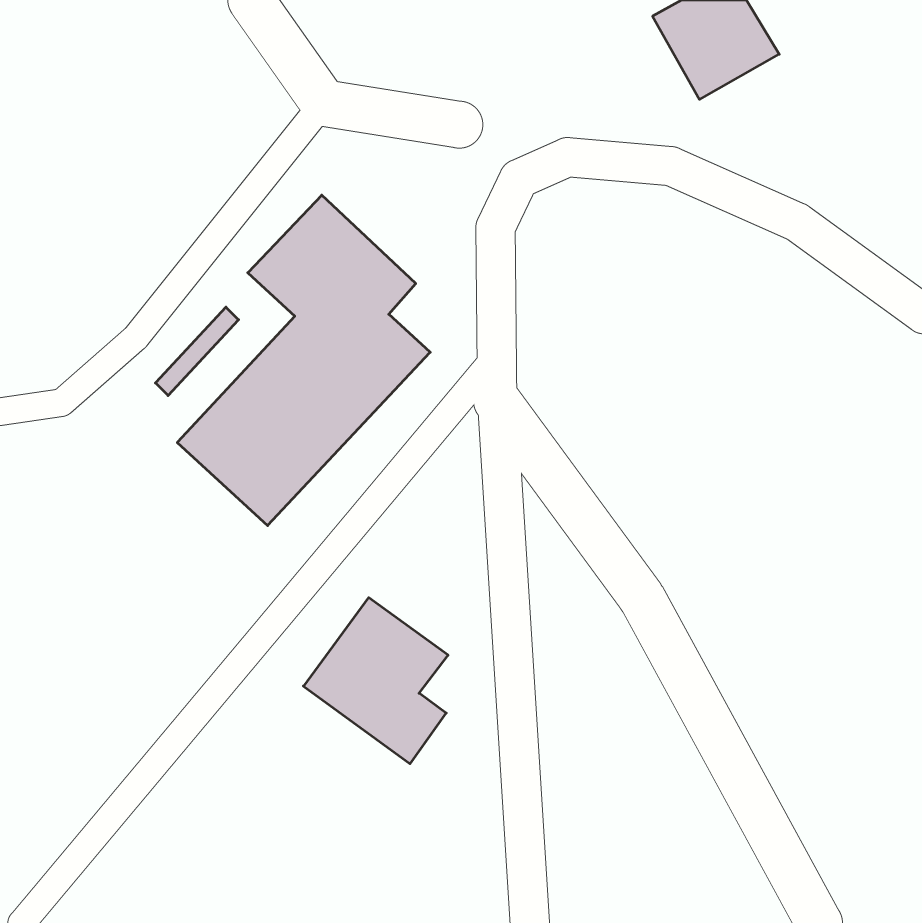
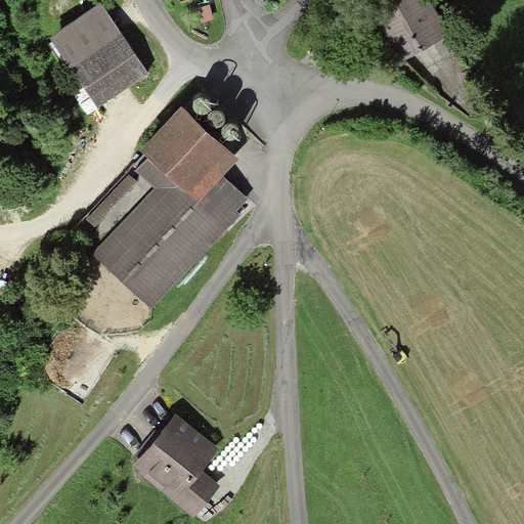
building: none -> [56,6,147,103]
building: [303,598,448,764] -> [132,420,214,514]

